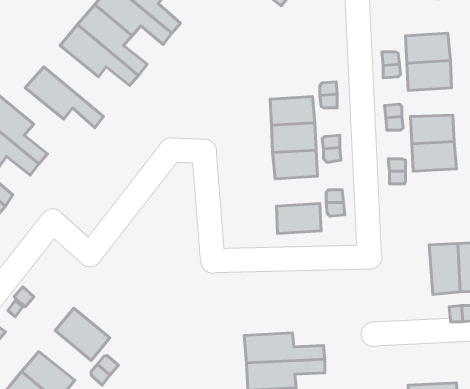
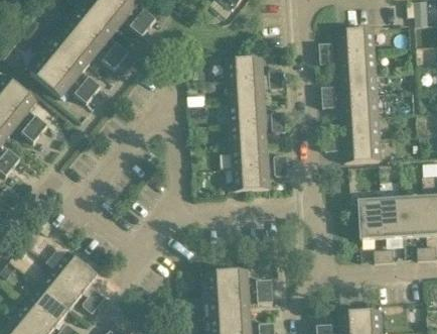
building: none -> [45,37,101,95]
building: none -> [228,55,263,81]
building: none -> [340,72,377,95]
building: none -> [344,137,381,161]
building: none -> [233,143,269,168]
building: none -> [41,268,84,309]

